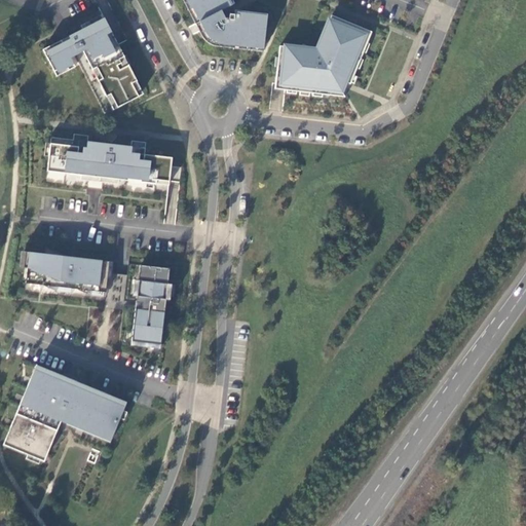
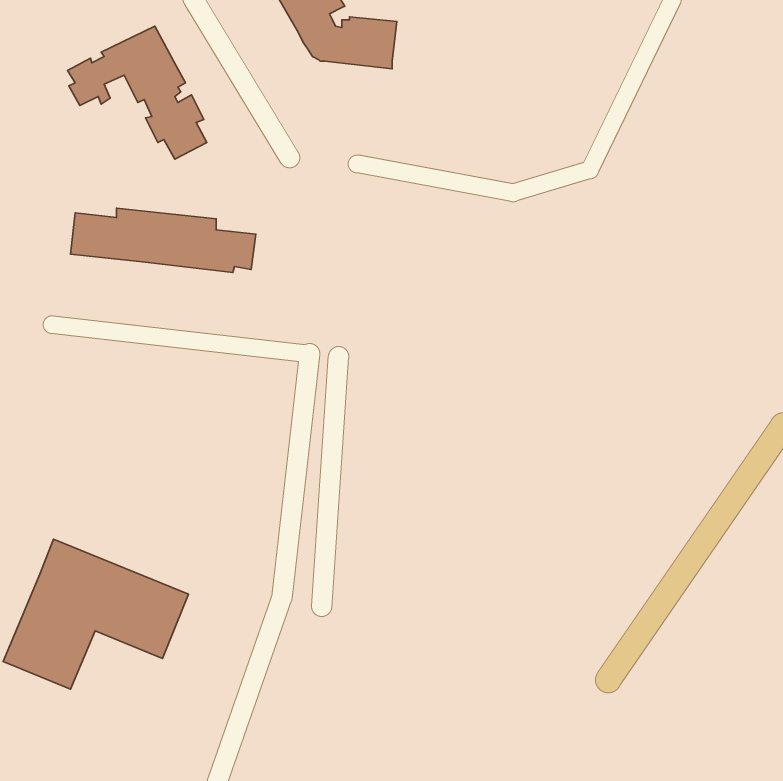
building: [274,14,372,97] -> none
building: [26,247,109,292] -> none
building: [132,264,170,343] -> none

